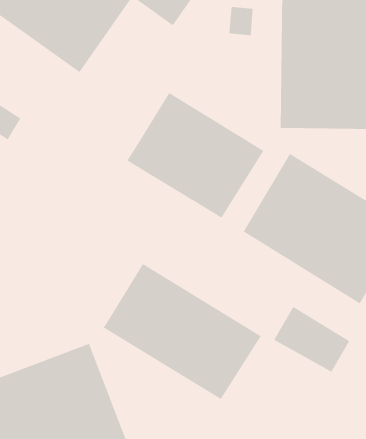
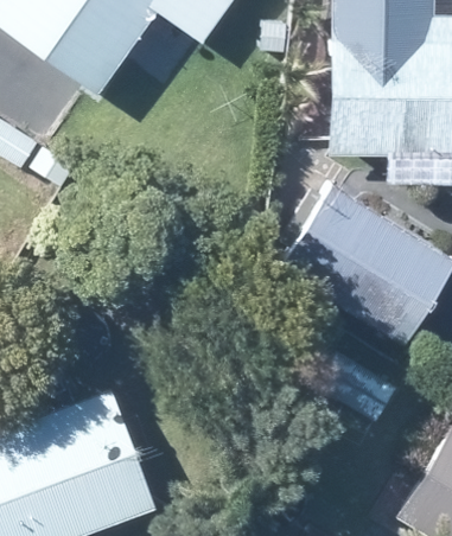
building: [127,92,264,218] -> none
building: [103,263,261,400] -> none

